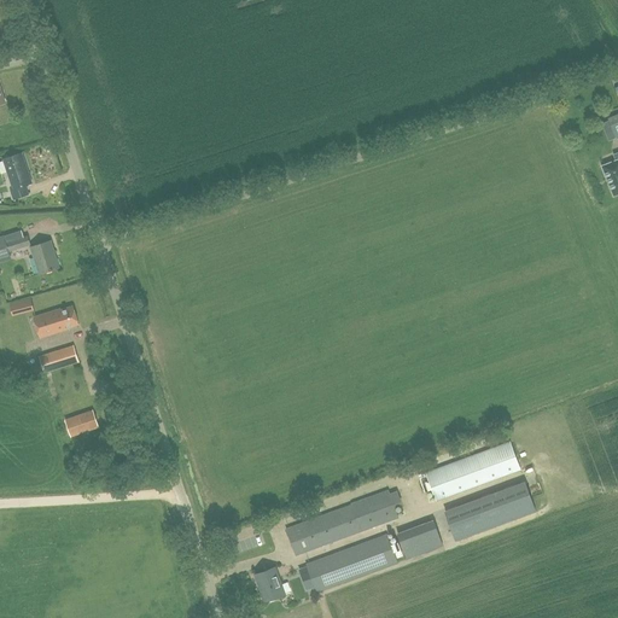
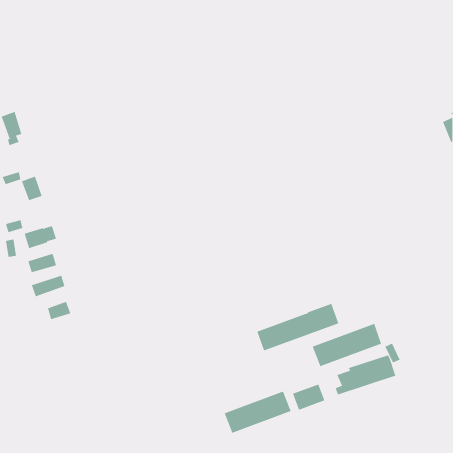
building: none -> [31,275,65,297]
building: [284,489,396,554] -> [256,303,339,351]
building: [253,566,282,600] -> none

